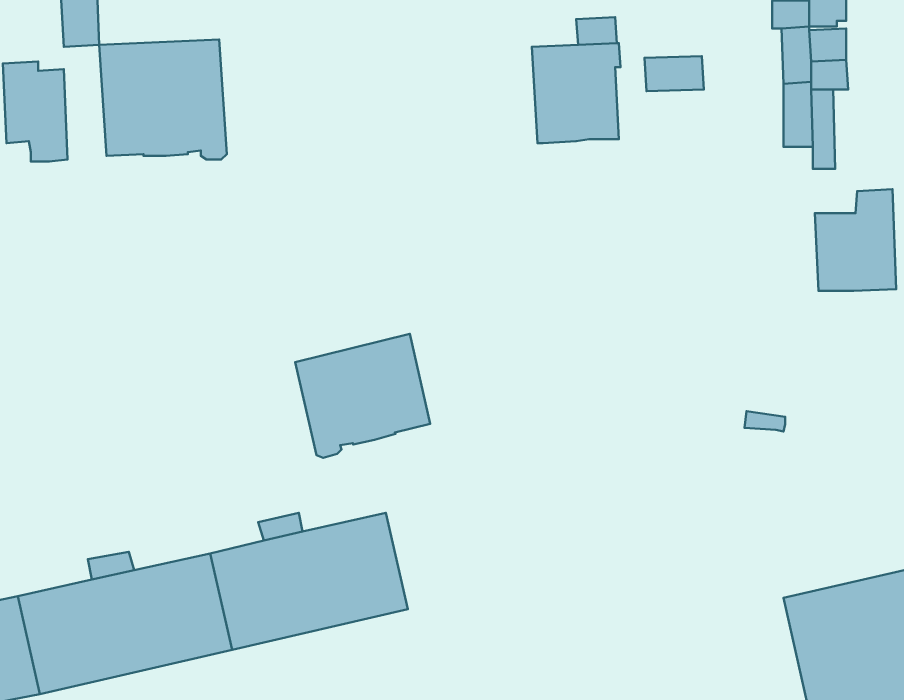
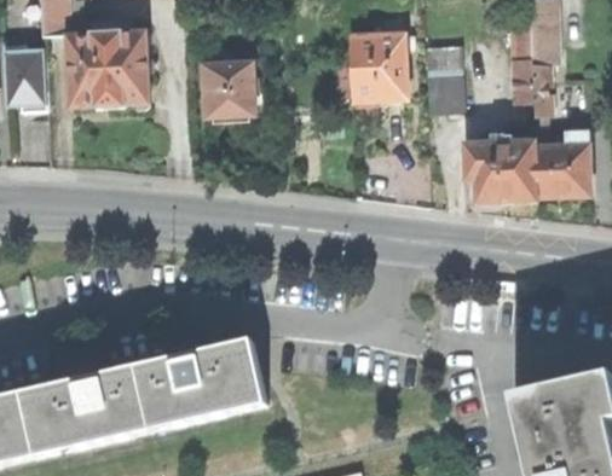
building: none -> [204,56,255,121]
building: none -> [429,77,466,115]
building: none -> [466,138,538,204]
building: [295,334,430,458] -> none

